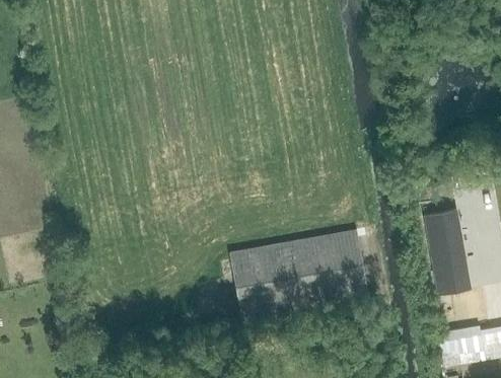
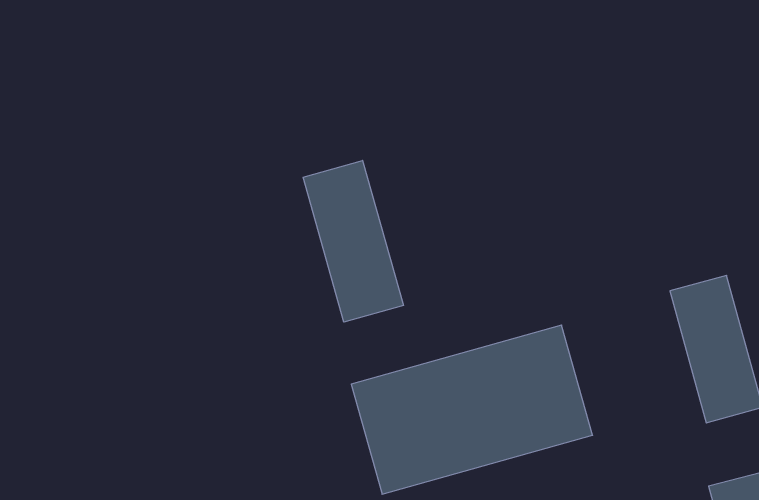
building: none -> [303,160,403,322]

